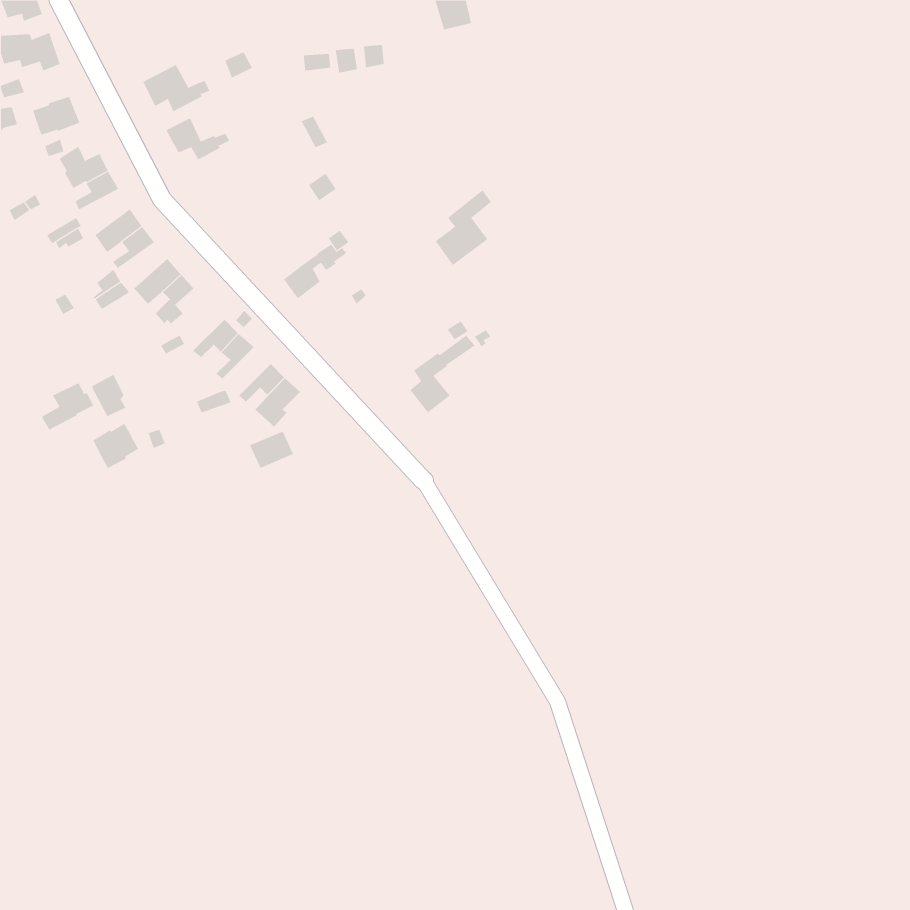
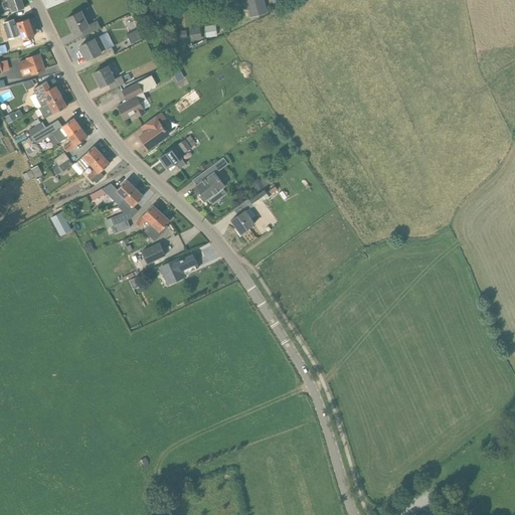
building: none -> [66,11,101,36]
building: none -> [118,82,145,120]
building: [435,189,492,266] -> [194,158,226,201]
building: none -> [139,112,170,150]
building: [41,383,94,430] -> none
building: [92,423,139,469] -> none
building: none -> [162,254,199,286]

